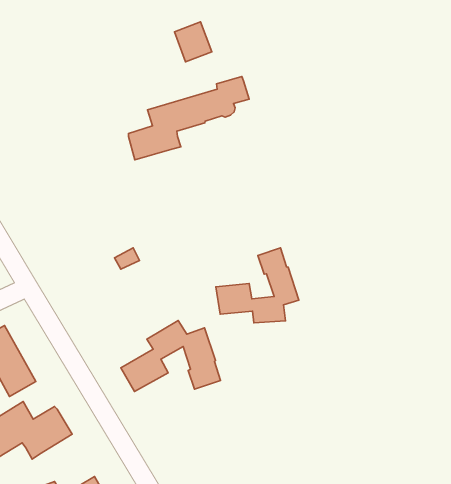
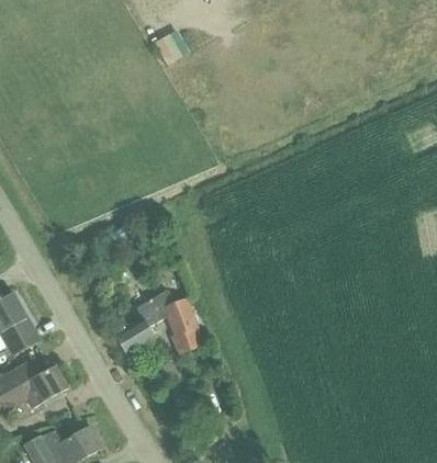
building: [129,76,249,160] -> none
building: [216,248,299,323] -> none

